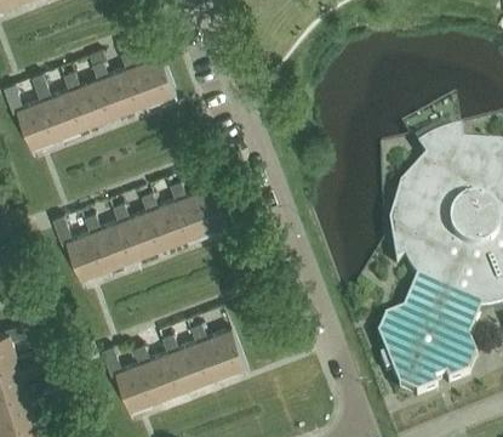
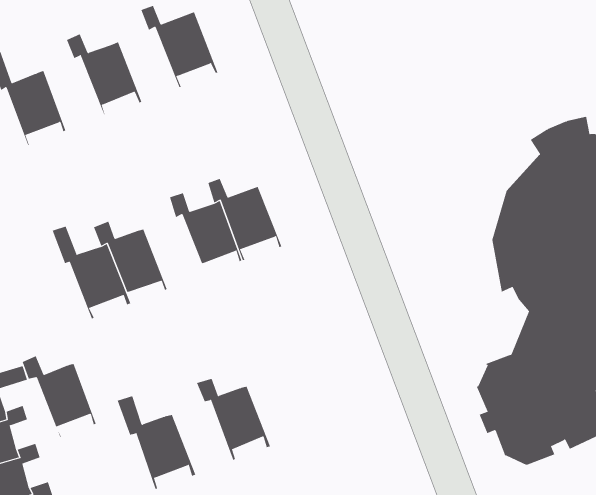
building: [90,47,150,119] -> none
building: [33,70,93,141] -> none
building: [113,199,171,262] -> none
building: [192,319,250,382] -> none
building: [135,341,192,404] -> [22,355,96,438]

